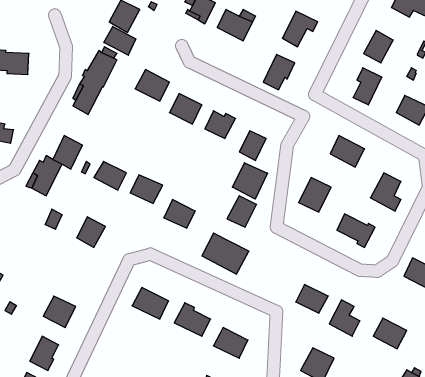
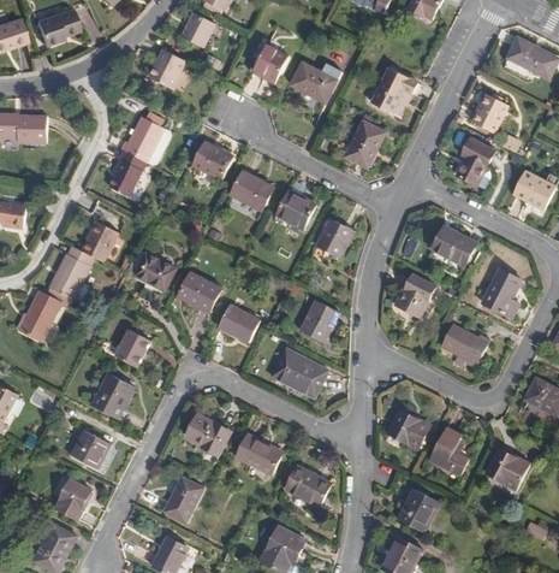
building: [104,26,136,55] -> none
building: [232,163,268,199] -> none
building: none -> [23,293,66,344]
building: none -> [96,371,137,415]
building: none -> [157,474,198,521]

